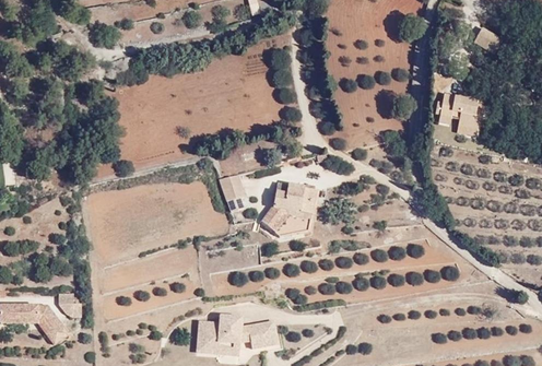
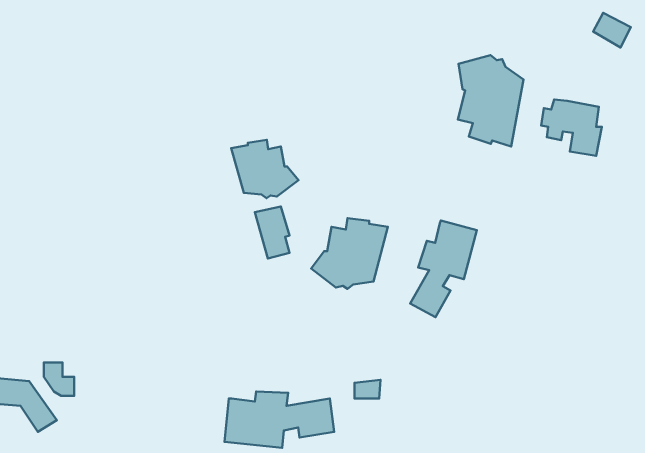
building: none -> [458,55,523,147]
building: none -> [231,140,298,198]
building: none -> [410,221,477,317]

